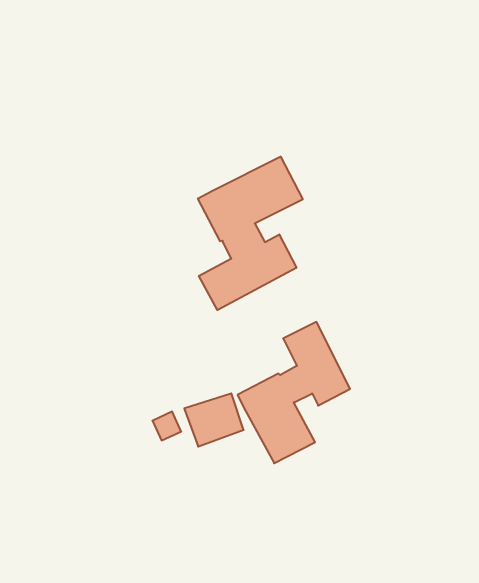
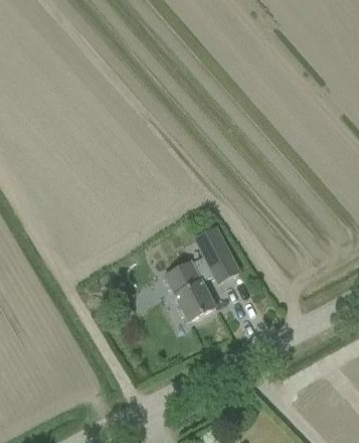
building: [198,157,303,310] -> none

